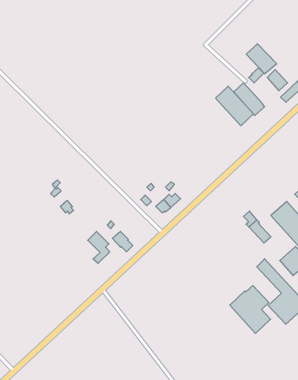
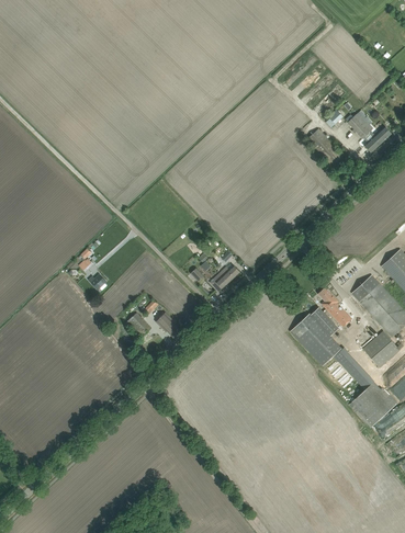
building: [246,44,277,74] -> none
building: [216,86,253,126] -> none
building: [230,286,271,333] -> [291,307,341,366]

